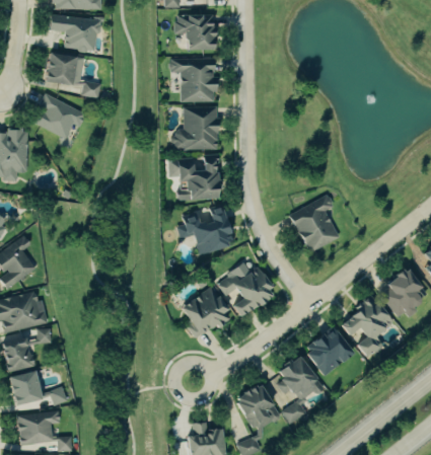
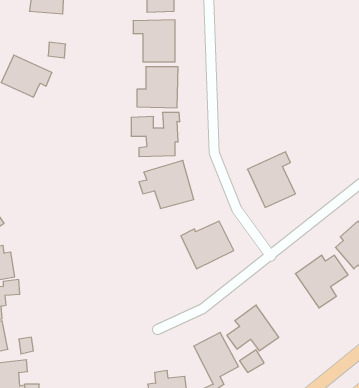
building: [43,54,84,86] -> none
building: [179,288,231,338] -> none
building: [302,326,353,377] -> none

